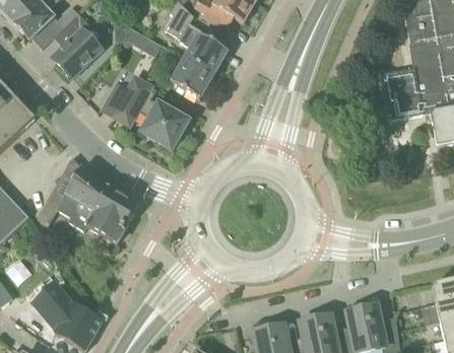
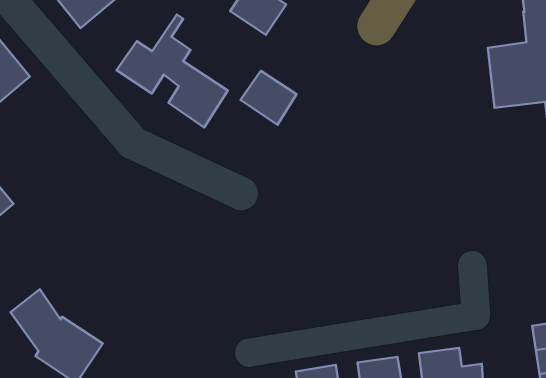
building: [171,58,213,98] -> [241,71,297,125]
building: [38,156,135,242] -> none

